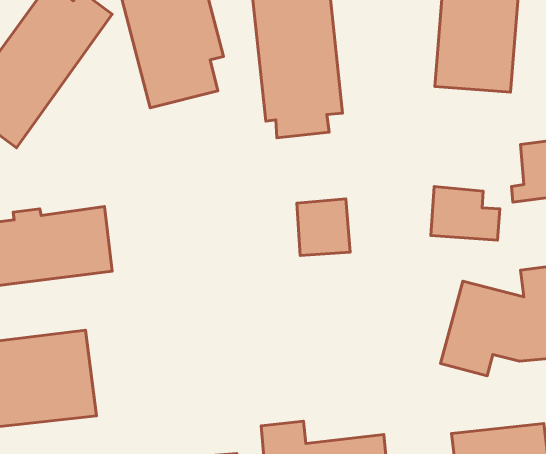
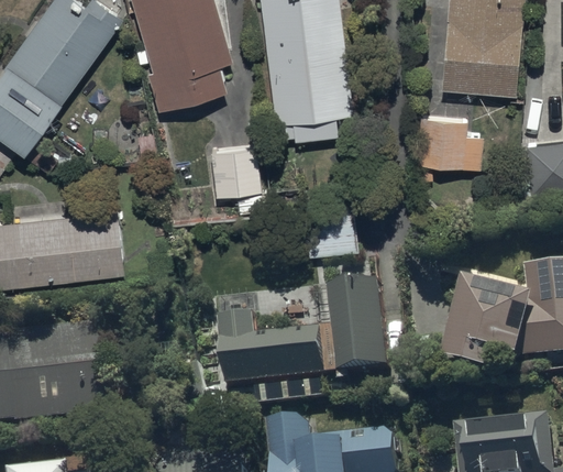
building: none -> [211,150,263,219]
building: [431,187,500,240] -> [416,119,484,172]
building: none -> [329,285,389,377]
building: none -> [220,319,327,394]

